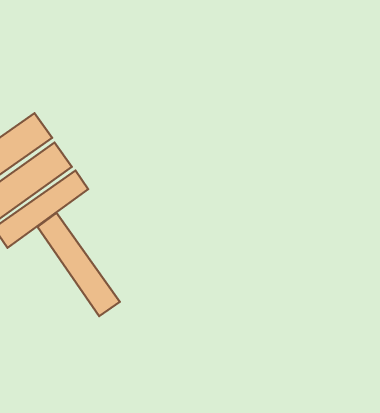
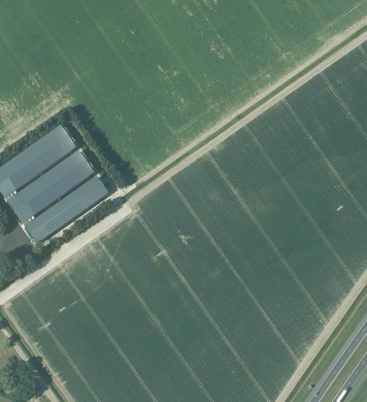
building: [37,213,120,316] -> none

